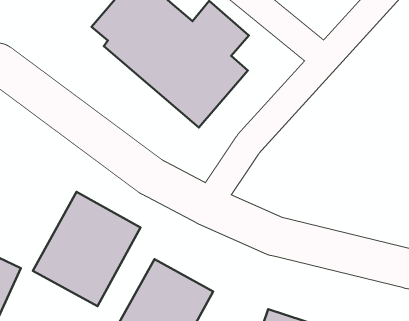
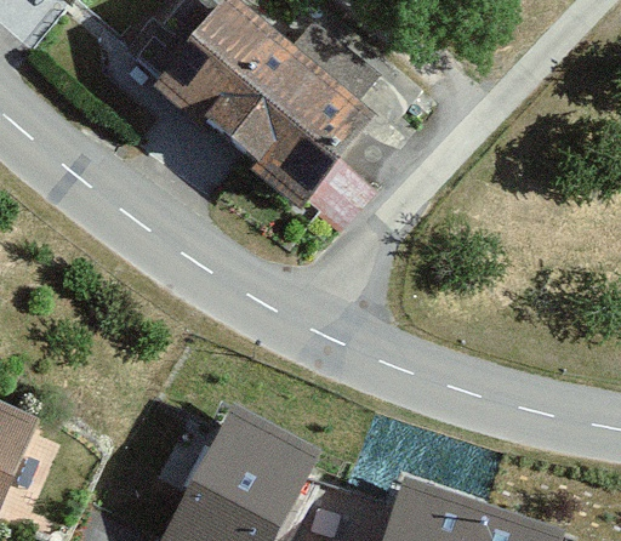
building: [33,192,140,306] -> none

